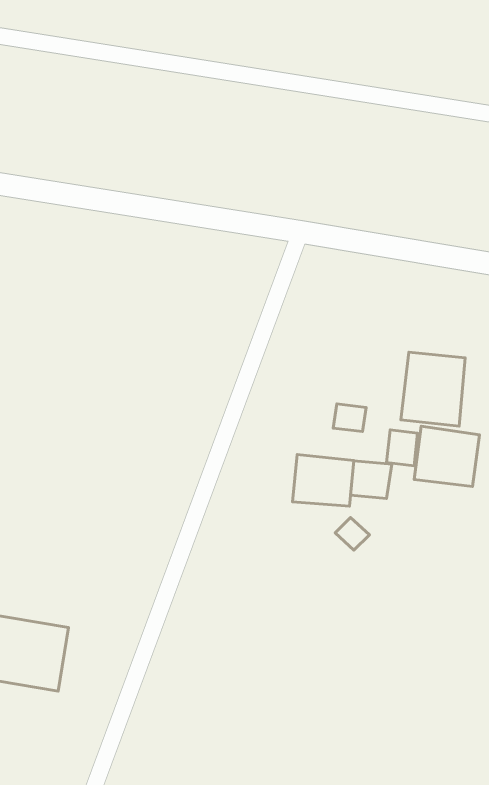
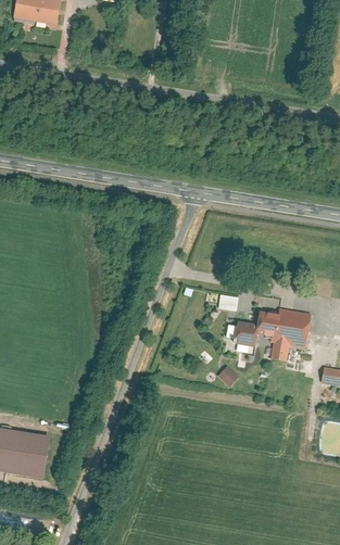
building: [401,352,465,426] -> none
building: [293,454,354,506] -> none

